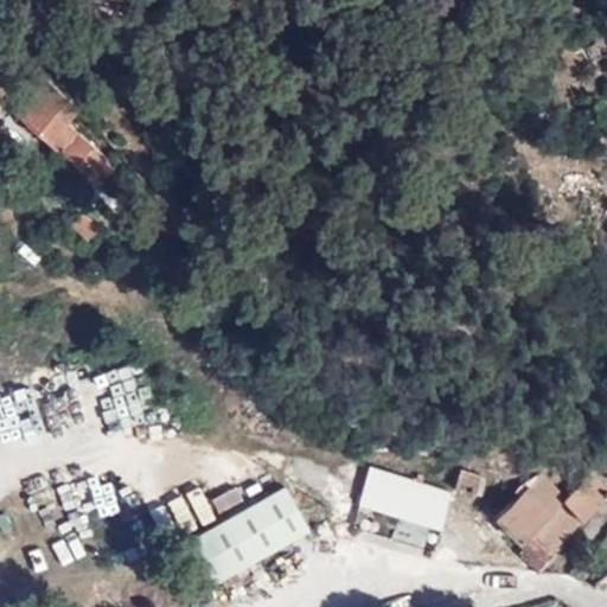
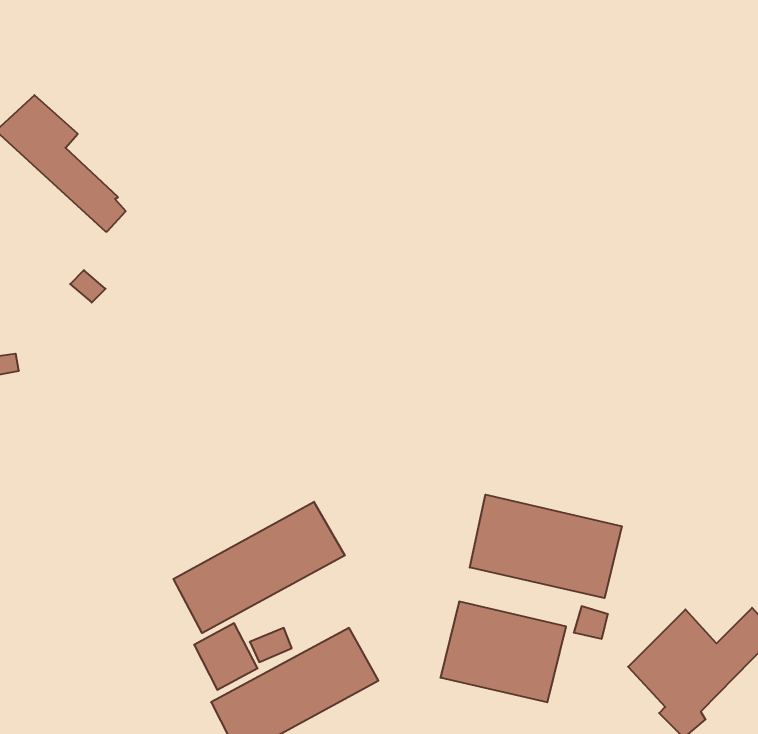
building: none -> [470,495,622,598]
building: none -> [173,502,345,633]

